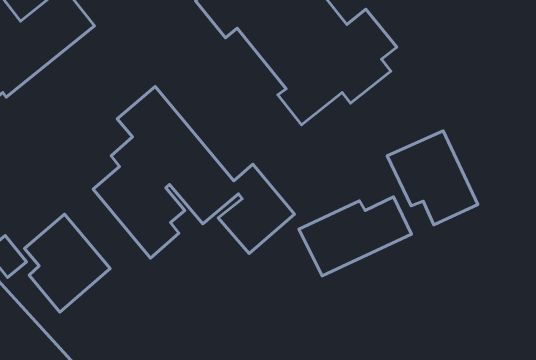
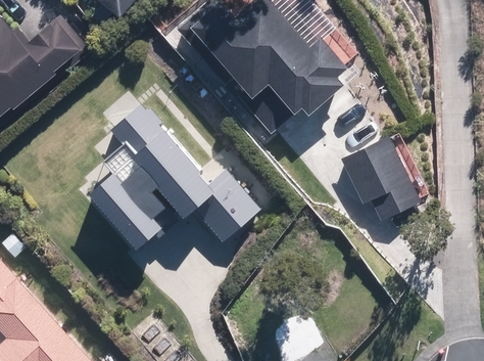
building: [299,197,411,276] -> none
building: [24,214,110,312] -> none

